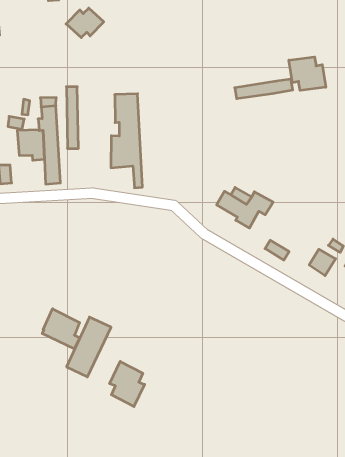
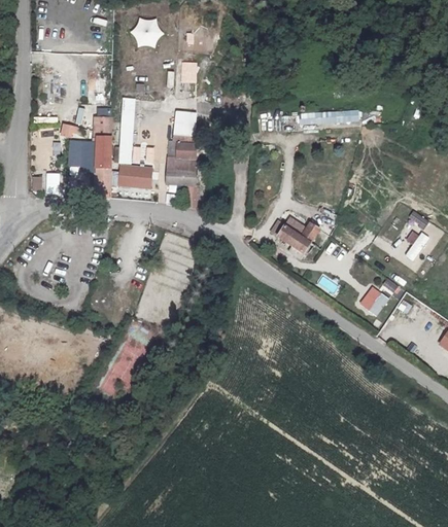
building: [289,57,326,90] -> none
building: none -> [118,164,152,187]
building: [42,309,80,349] -> none
building: [110,361,145,407] -> none

